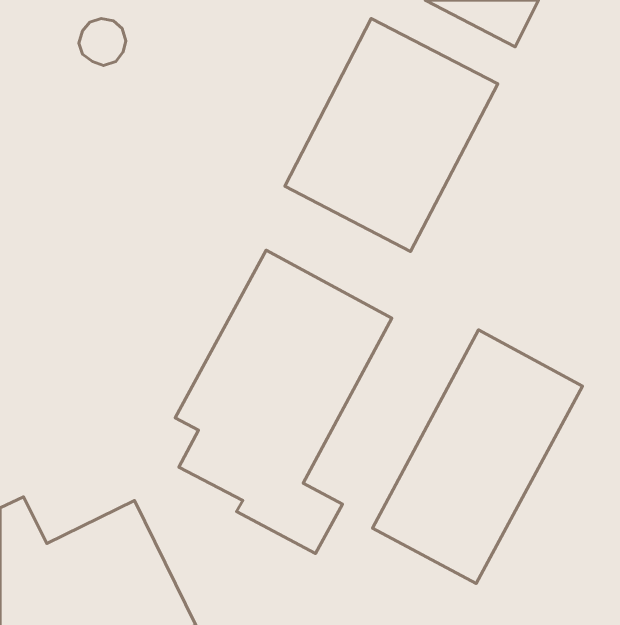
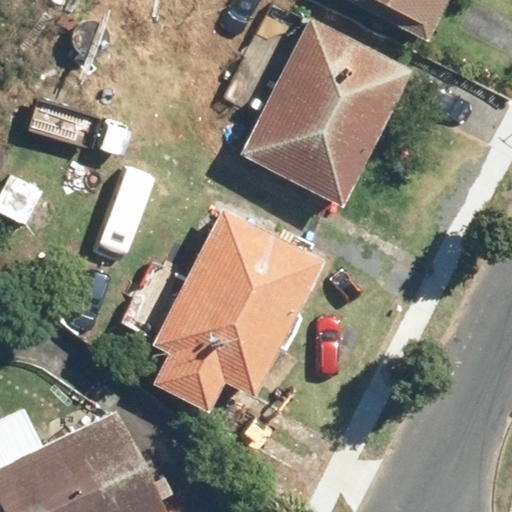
building: [372,330,582,583] -> none

